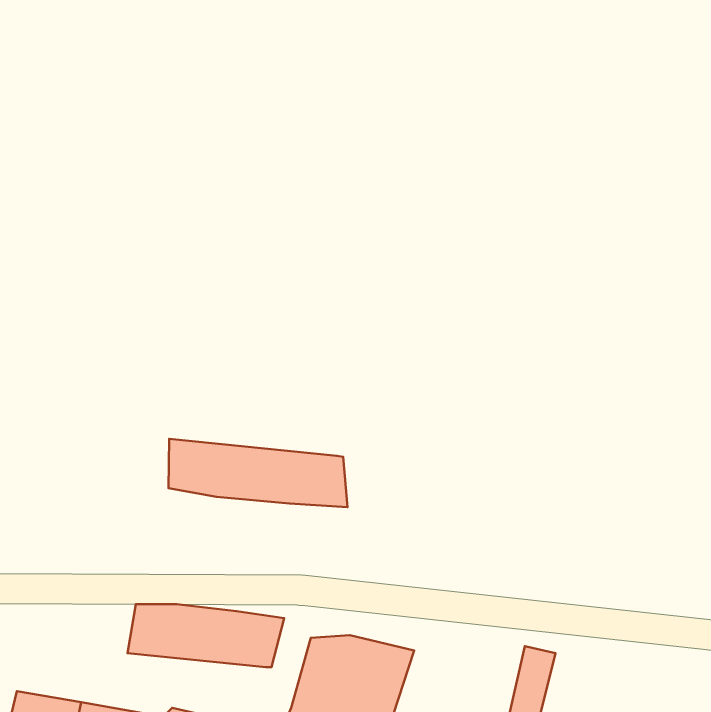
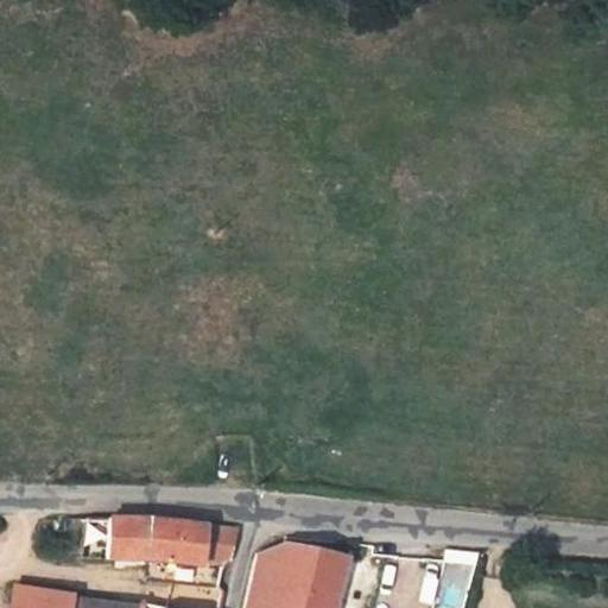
building: [168,439,347,507] -> none

